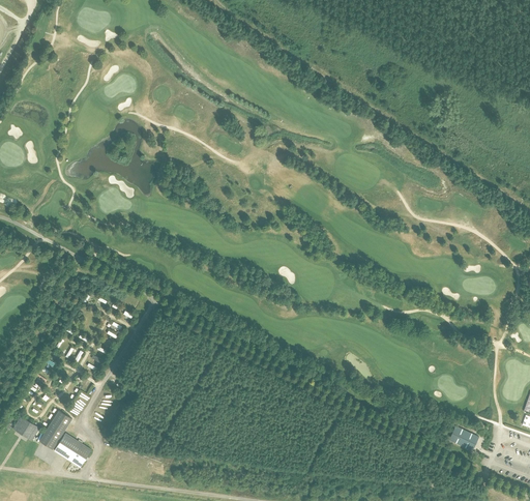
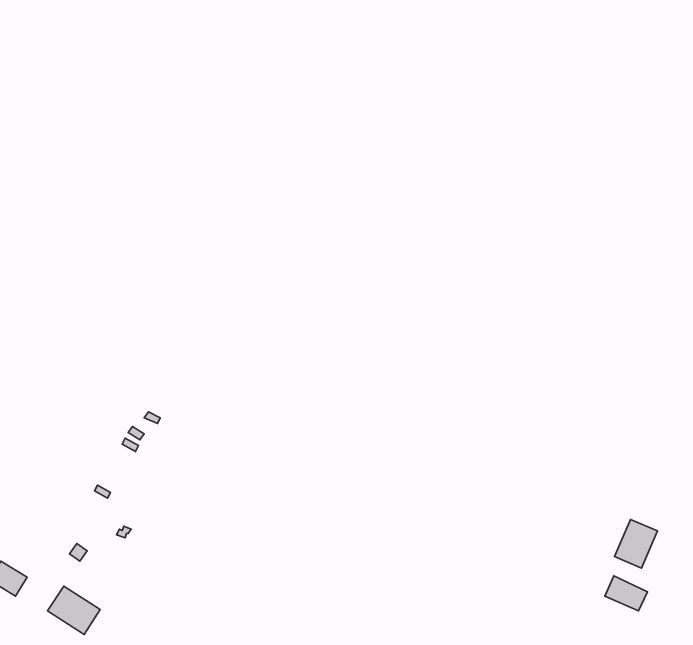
building: none -> [614,519,658,568]
building: [38,409,71,448] -> none

